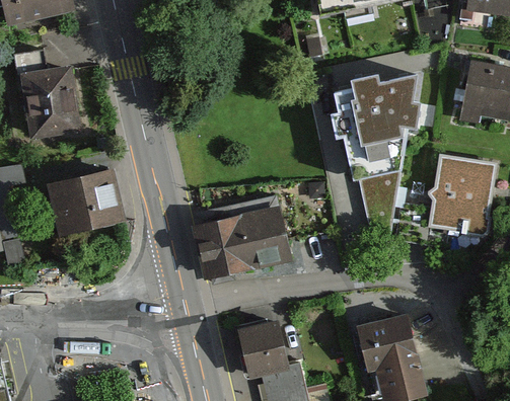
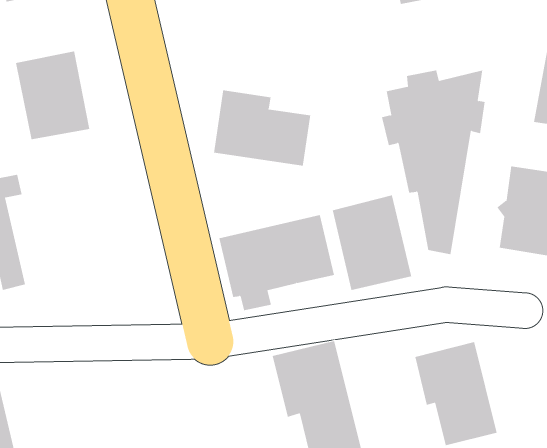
building: none -> [214,90,311,166]
building: [46,159,124,235] -> none
building: none -> [332,194,412,291]

